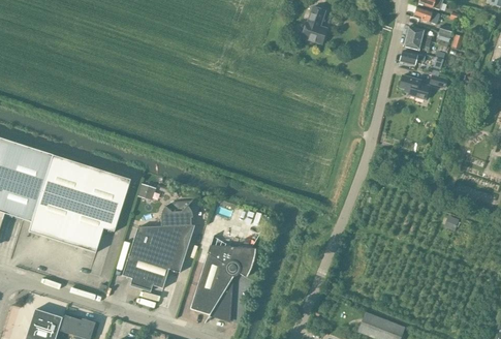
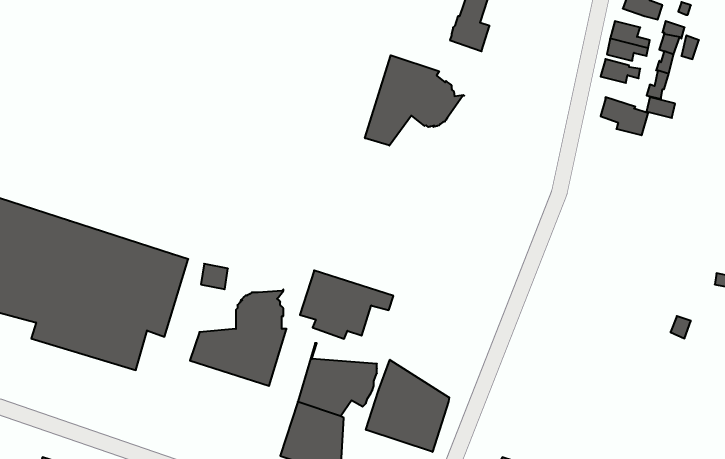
building: none -> [365,55,464,146]
building: none -> [366,360,449,452]
building: [122,246,183,290] -> [300,270,393,339]

